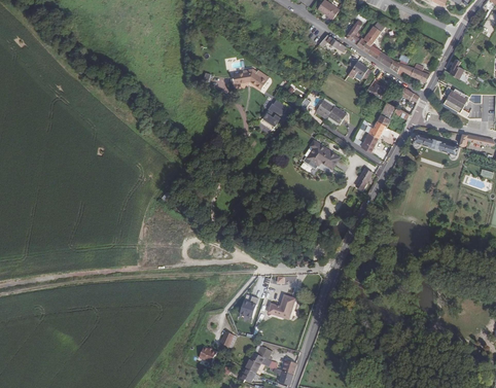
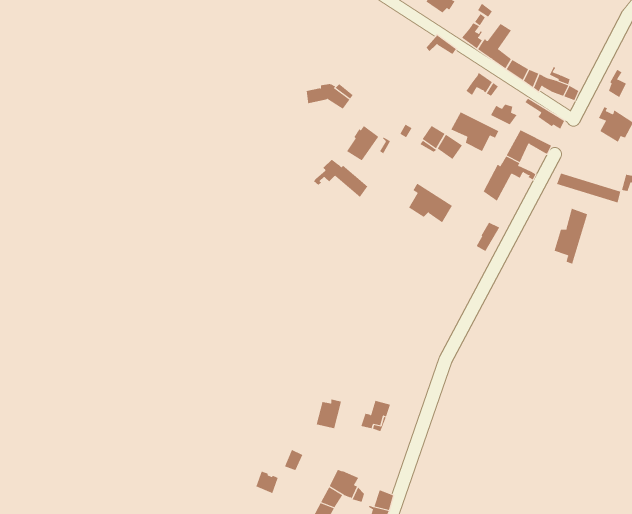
building: none -> [450,112,499,152]
building: none -> [313,159,368,198]
building: none -> [554,208,588,264]

